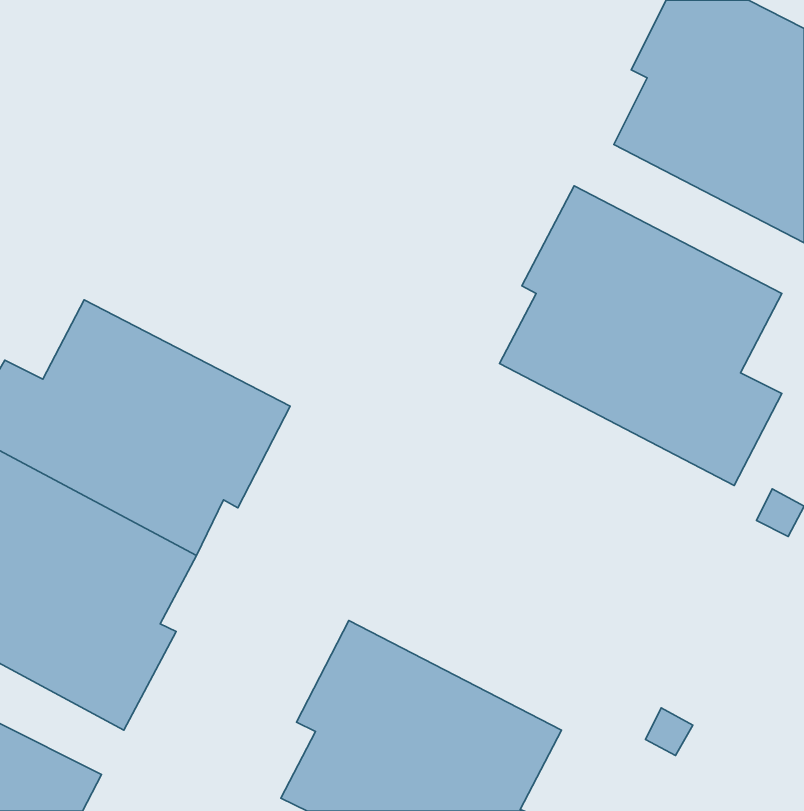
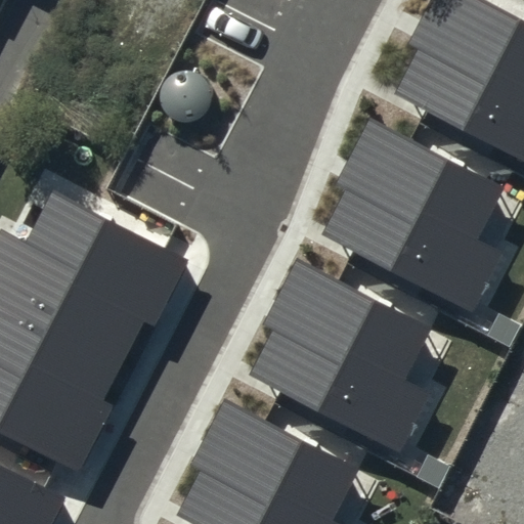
building: none -> [251,260,431,452]

